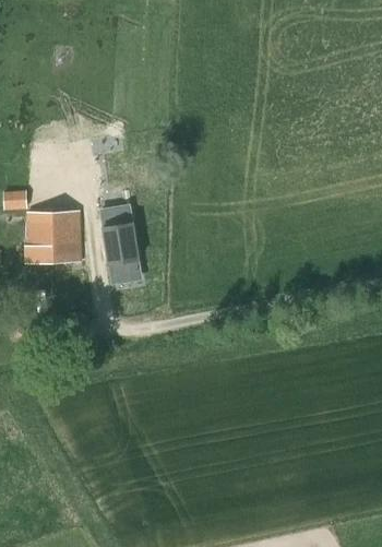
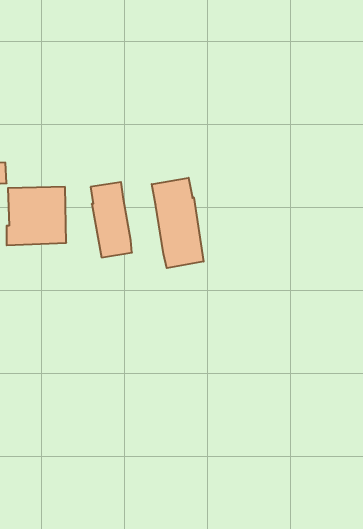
building: none -> [152,178,204,268]

